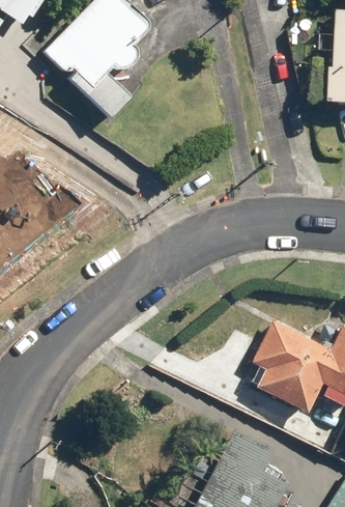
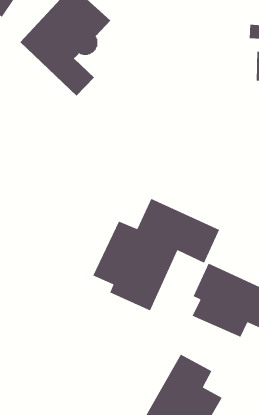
building: none -> [92,198,220,311]

